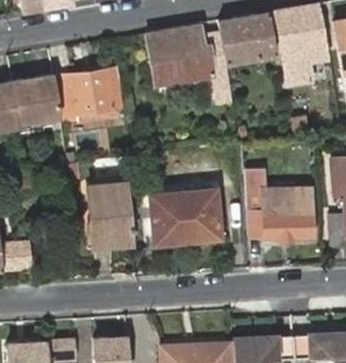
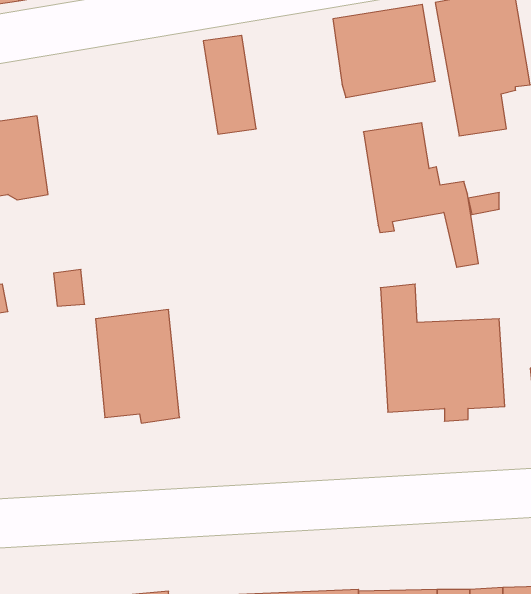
building: [168,24,232,105] -> [363,123,478,267]
building: [57,69,113,121] -> none
building: [150,191,226,247] -> none

